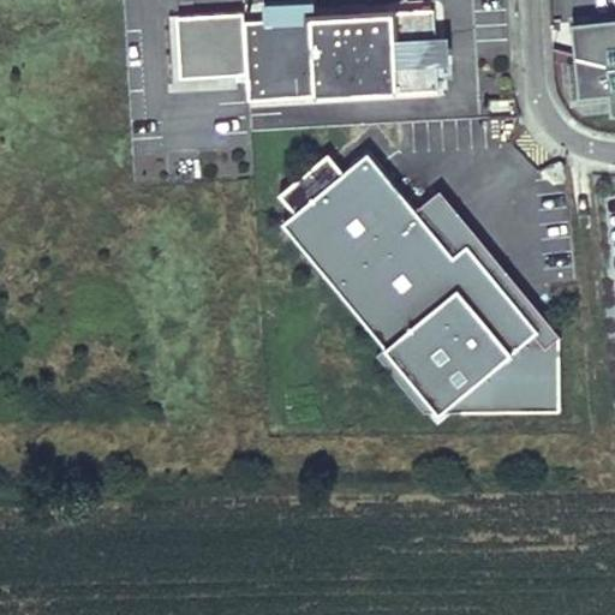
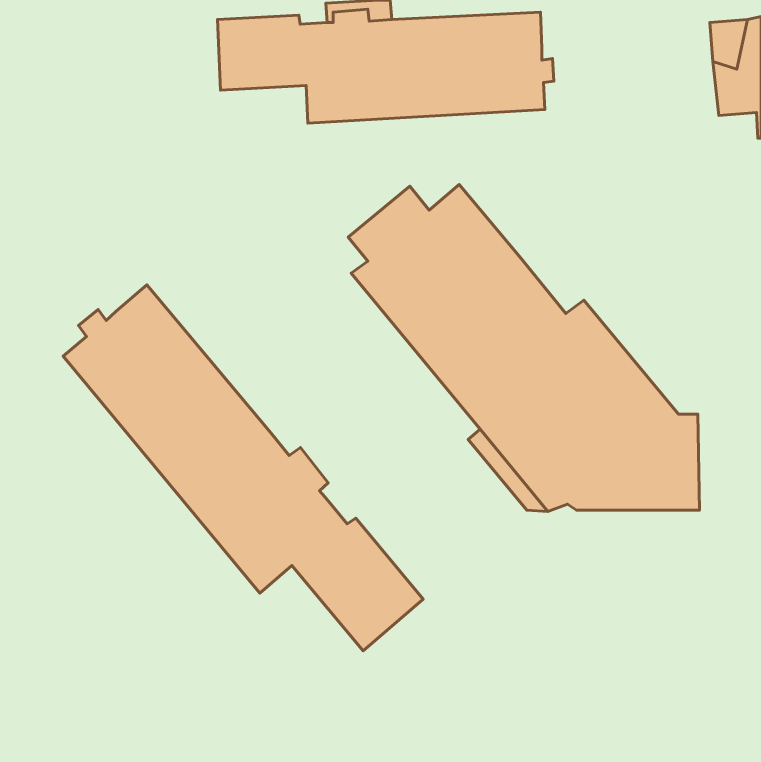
building: [416,190,559,335] -> none
building: none -> [63,285,423,651]

